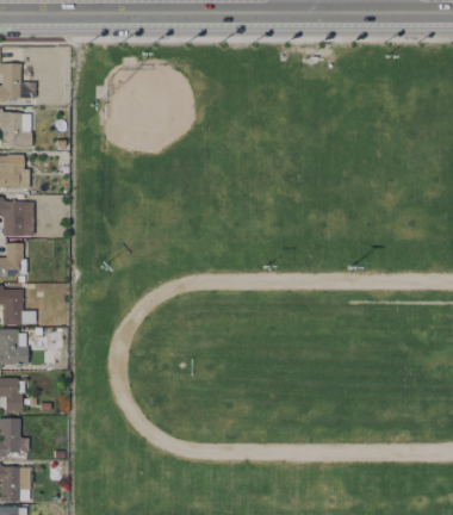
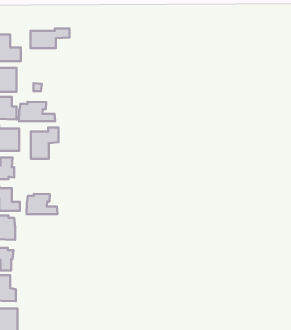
building: none -> [31,28,70,48]
building: none -> [19,102,55,121]
building: none -> [31,128,59,159]
building: none -> [26,194,57,214]

